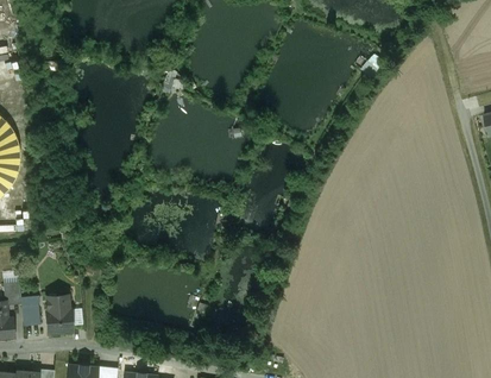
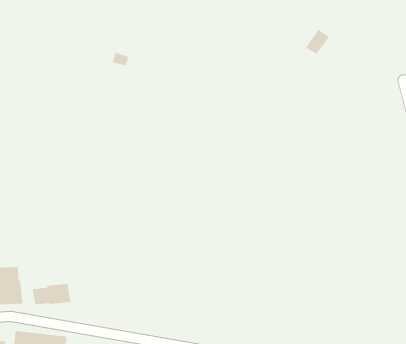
building: none -> [32,283,71,305]

